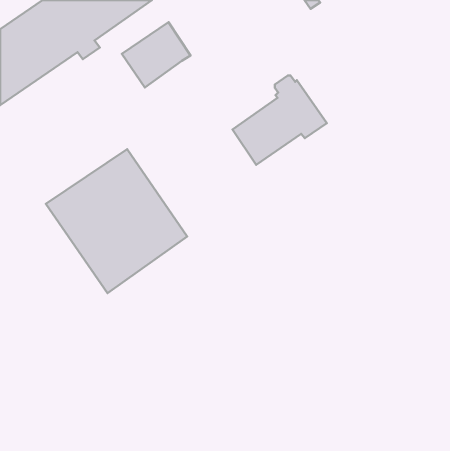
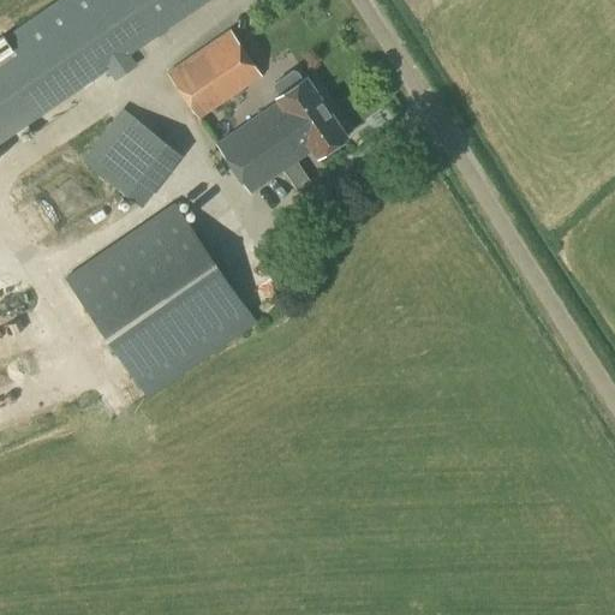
building: [232,76,327,165] -> [217,71,346,192]
building: none -> [80,106,181,207]

